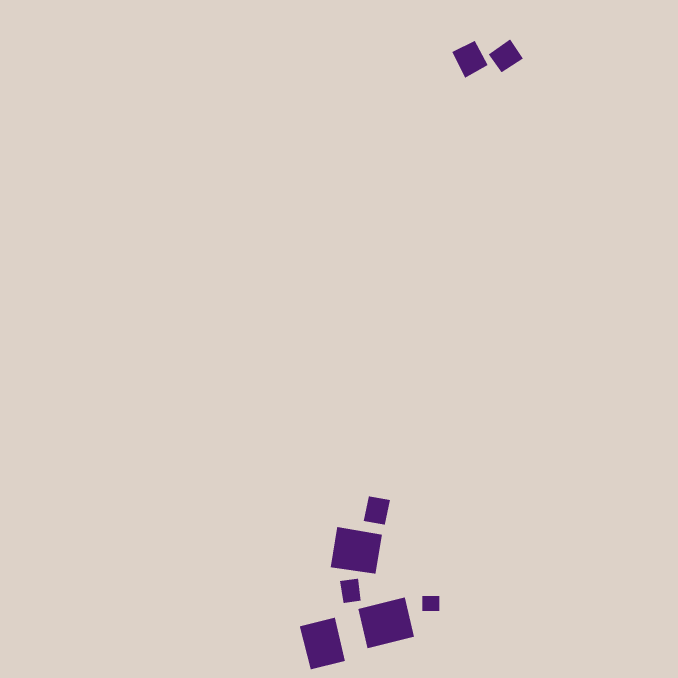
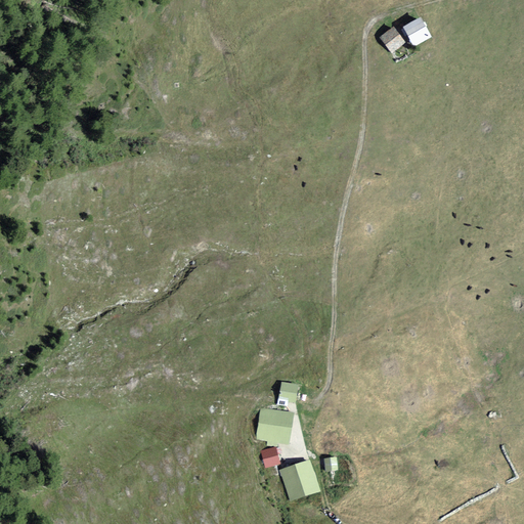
building: [451,40,489,79] -> [402,18,431,48]
building: [299,617,345,670] -> none

